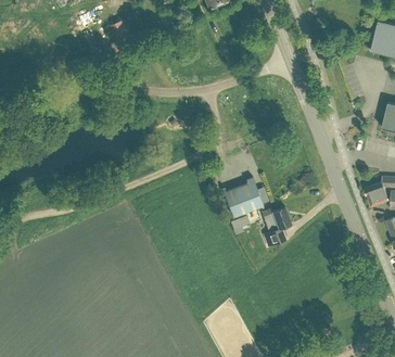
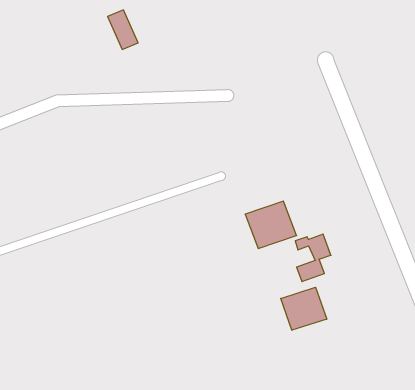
building: none -> [281,287,327,330]

